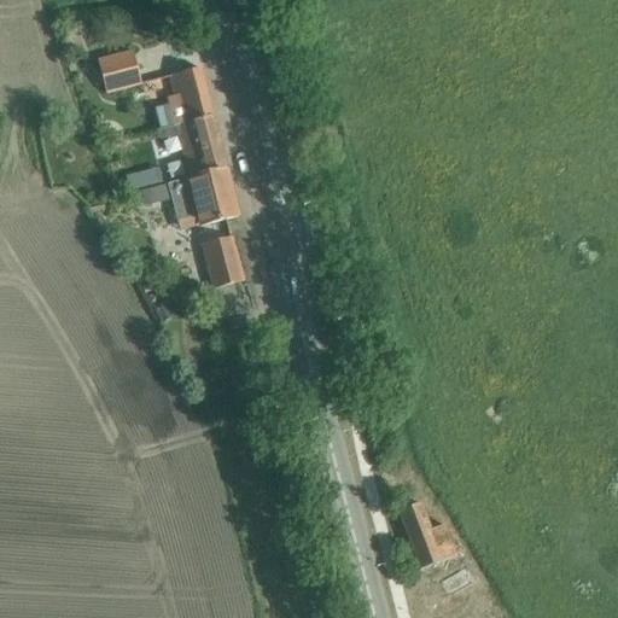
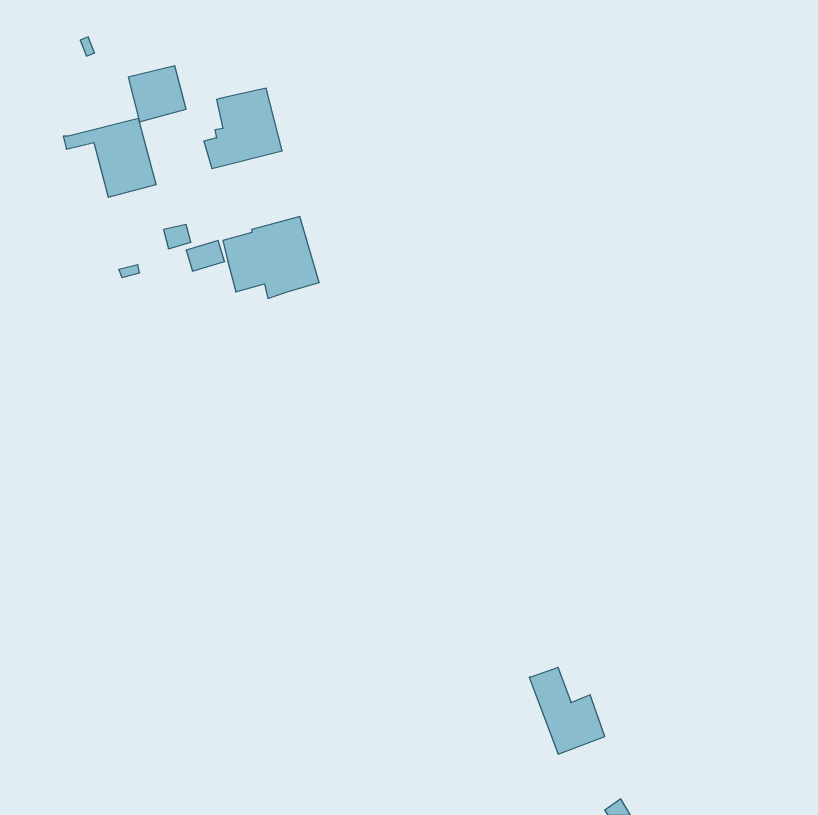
building: [157,113,227,173] -> [63,119,156,197]
building: [204,235,245,286] -> none

